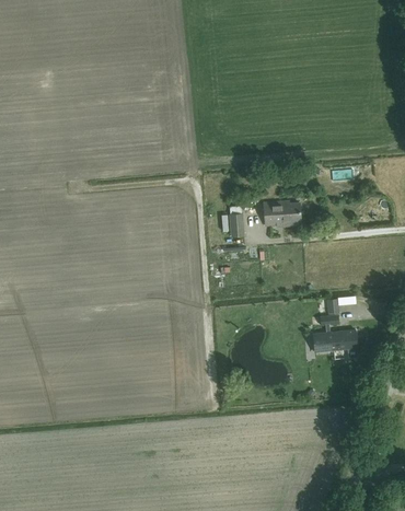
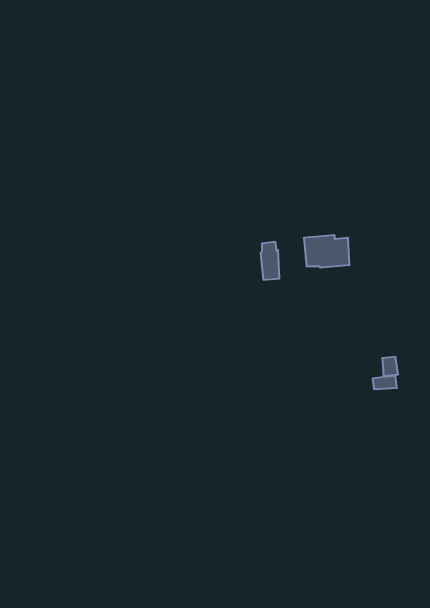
building: [312,329,356,352] -> none

